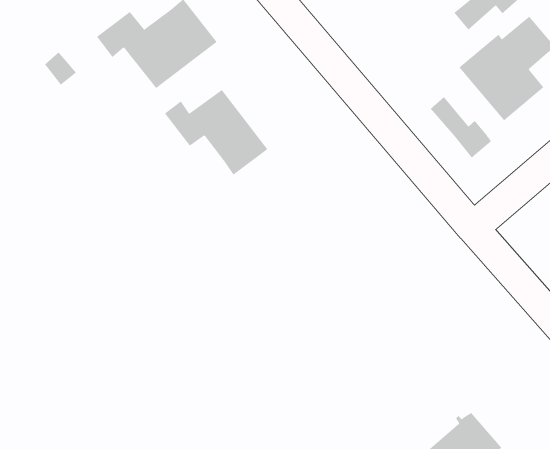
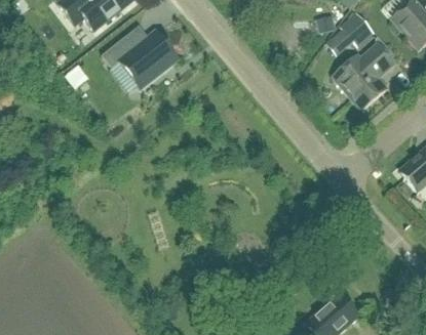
building: [164,89,268,175] -> none
building: [430,96,492,158] -> none

